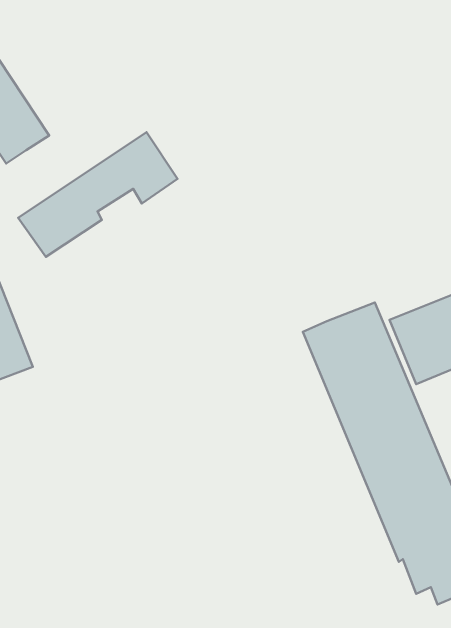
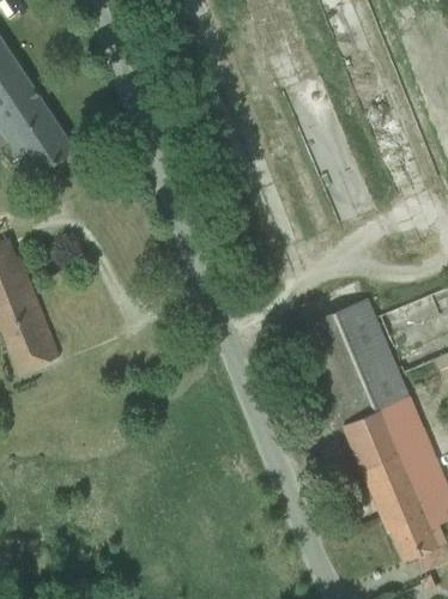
building: [18,132,177,257] -> none

